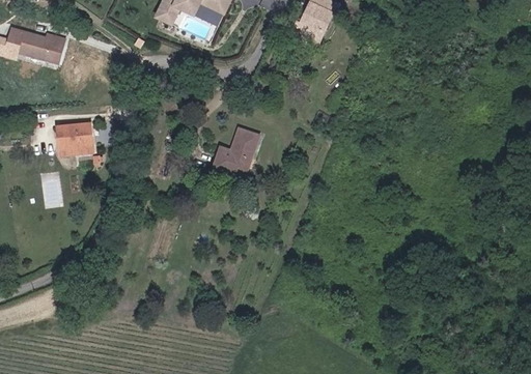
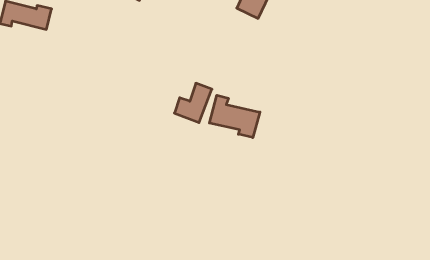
building: [56,122,93,153] -> none
building: none -> [209,95,260,138]

